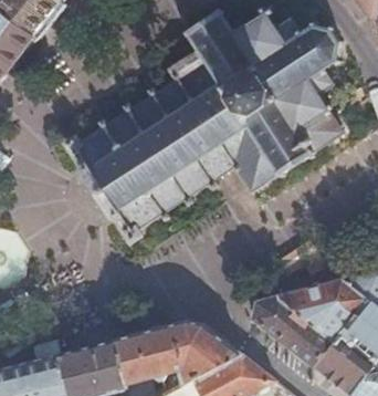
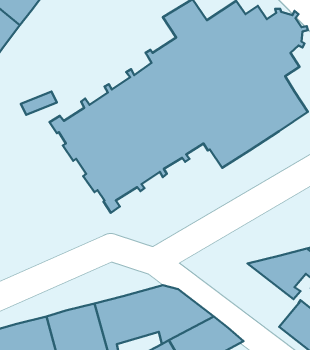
building: [251,296,333,365] -> none

